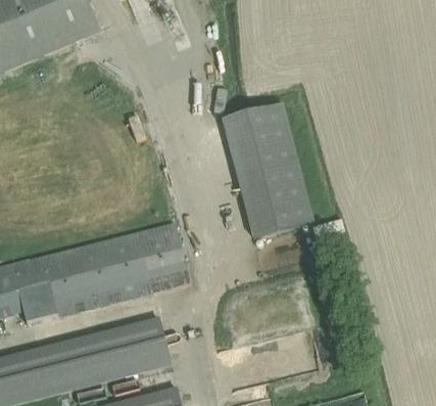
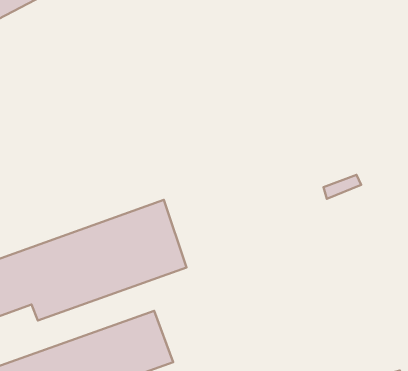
building: [220,101,312,237] -> none

